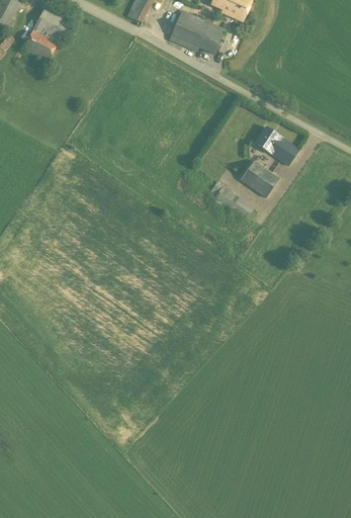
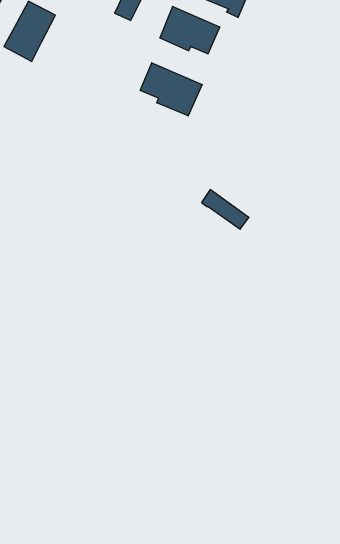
building: none -> [140,63,202,116]
building: [255,126,299,166] -> none
building: [240,161,279,198] -> none

